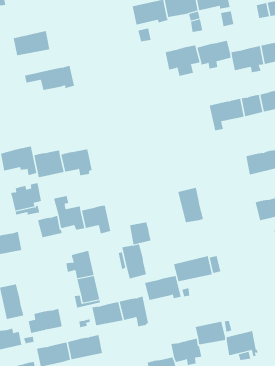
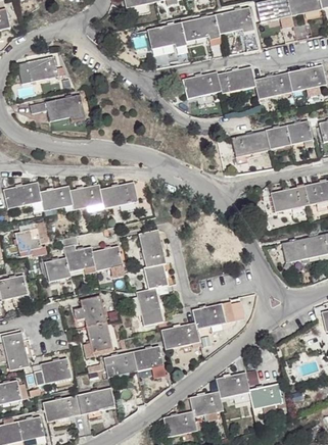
building: none -> [100,181,140,211]
building: [178,187,204,223] -> [138,228,167,266]

